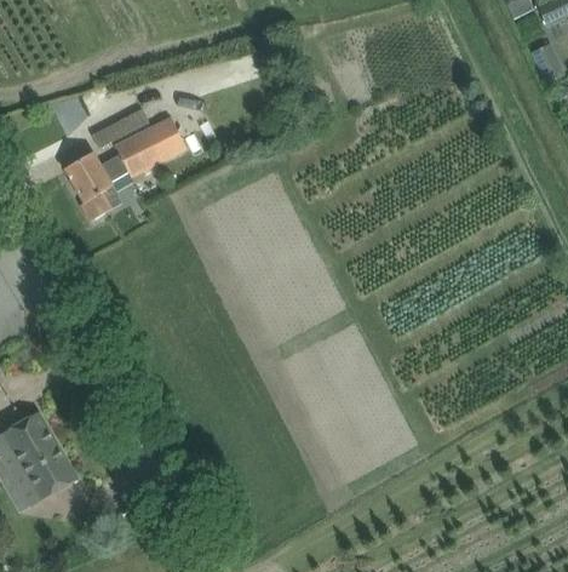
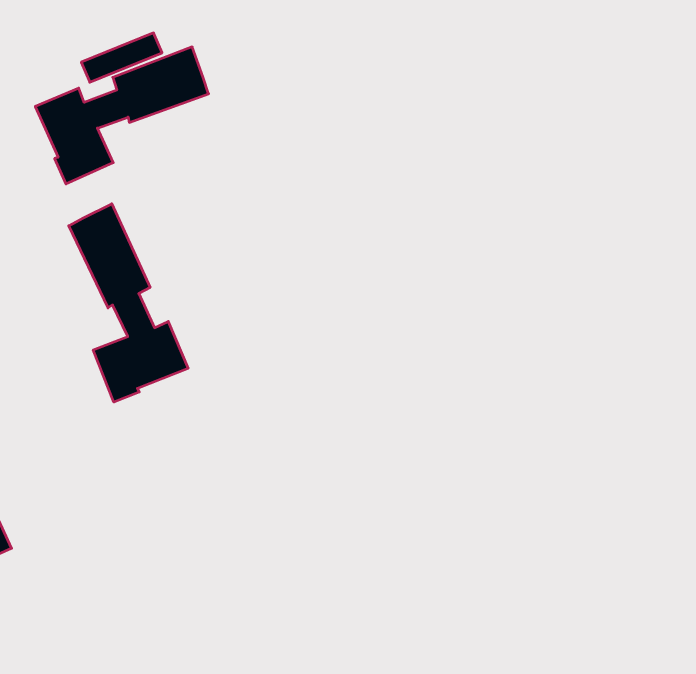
building: none -> [69,204,188,402]

